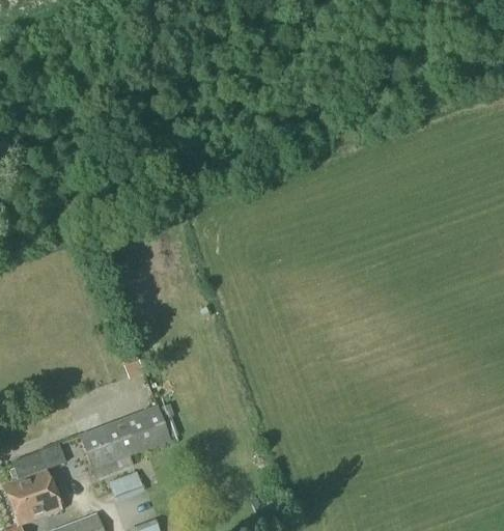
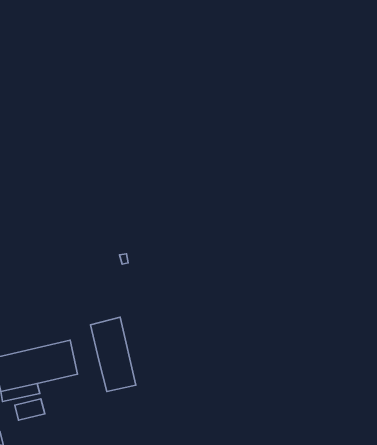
building: none -> [91,317,136,392]

